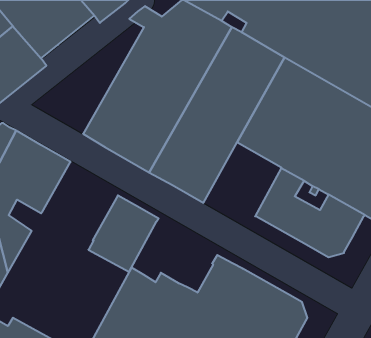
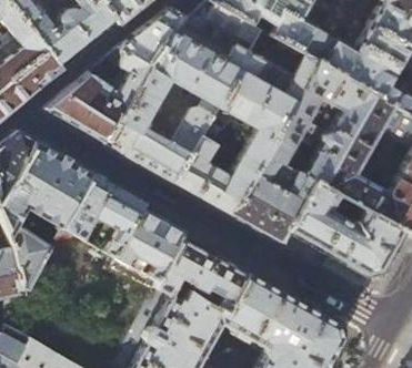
building: none -> [43,21,168,143]
building: none -> [231,152,313,243]
building: none -> [60,173,143,256]
building: none -> [154,236,245,311]

